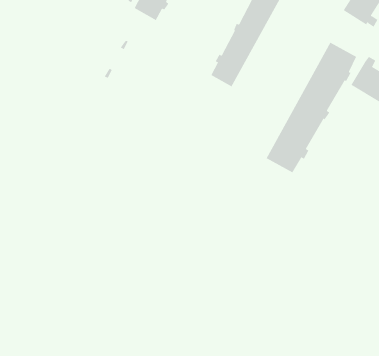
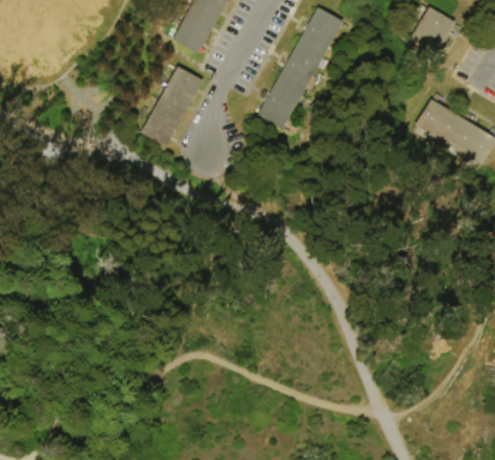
building: none -> [139,67,203,149]
building: [266,42,357,173] -> none

